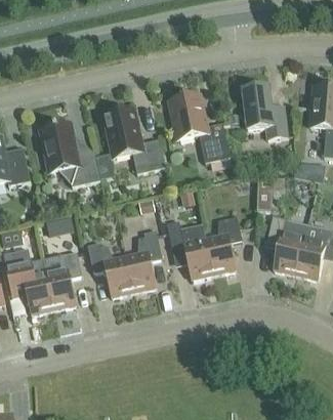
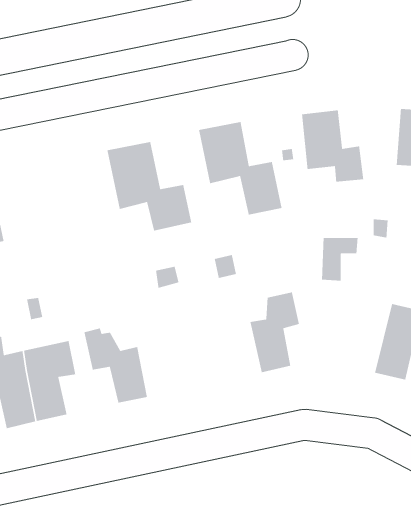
building: [40,123,99,185] -> none
building: [267,216,307,275] -> none
building: [167,220,214,279] -> none
building: [126,229,162,292] -> none

